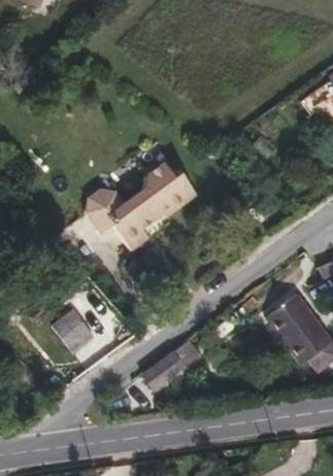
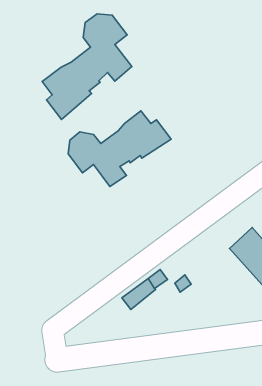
building: none -> [42,14,132,119]
building: [53,308,94,350] -> none

